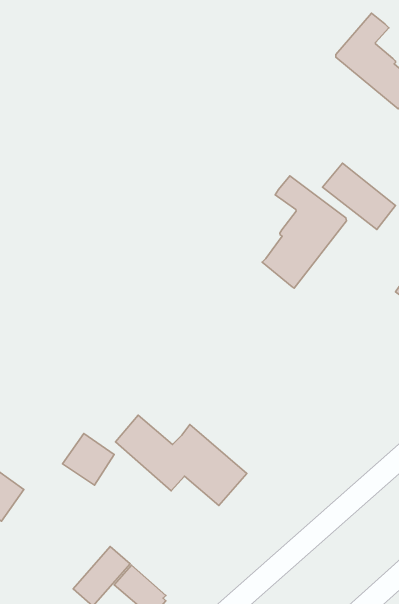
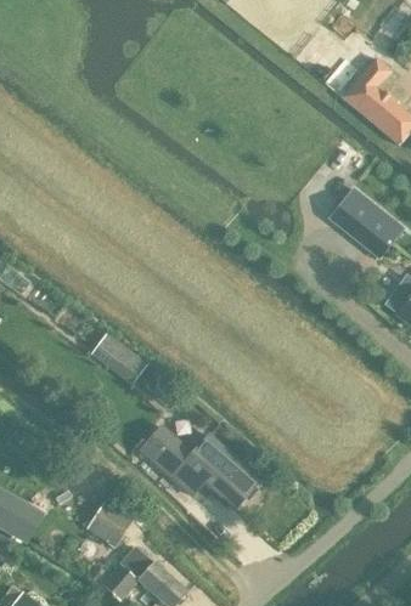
building: [262,176,347,288] -> none
building: none -> [90,333,137,376]
building: [63,433,114,485] -> [86,499,134,546]

